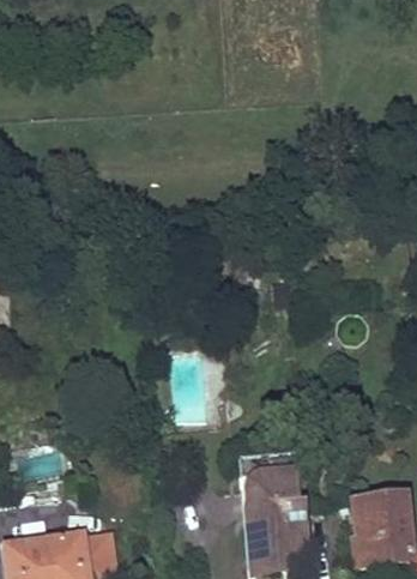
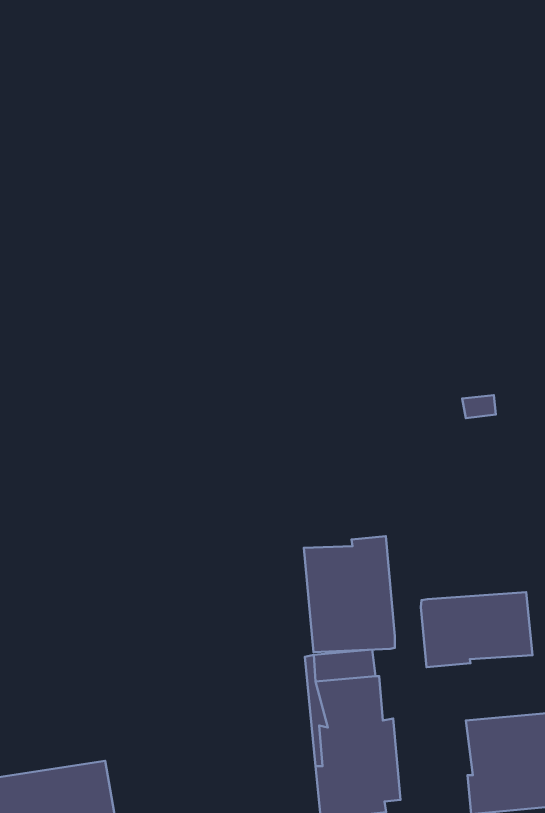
building: none -> [304,536,395,652]
building: none -> [421,592,532,667]

